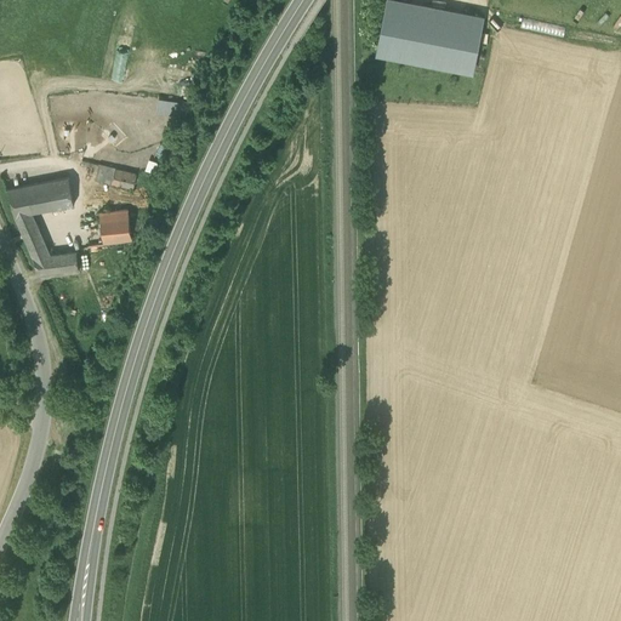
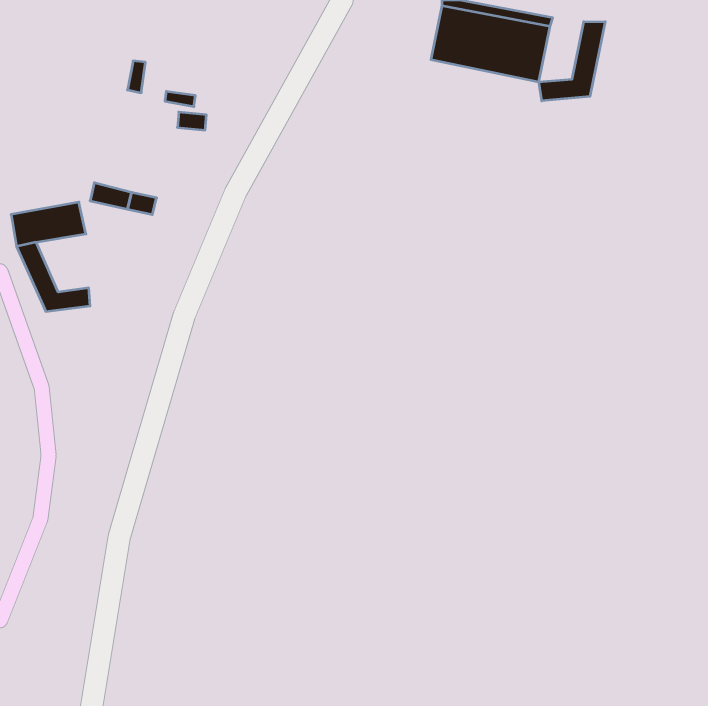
building: none -> [539,22,605,101]
building: [101,210,132,246] -> none

